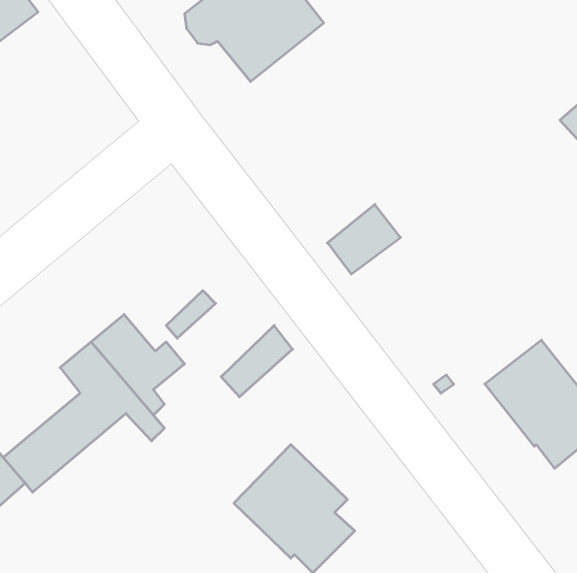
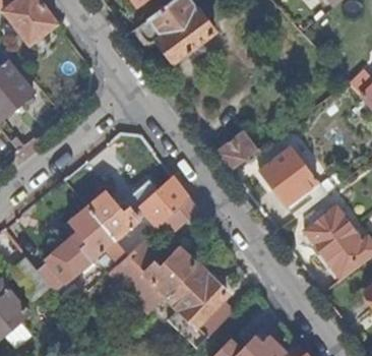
building: none -> [259,145,325,216]
building: none -> [140,177,188,226]
building: none -> [116,243,197,312]

